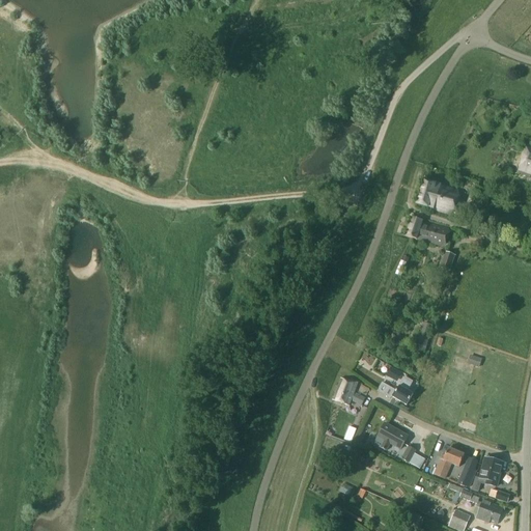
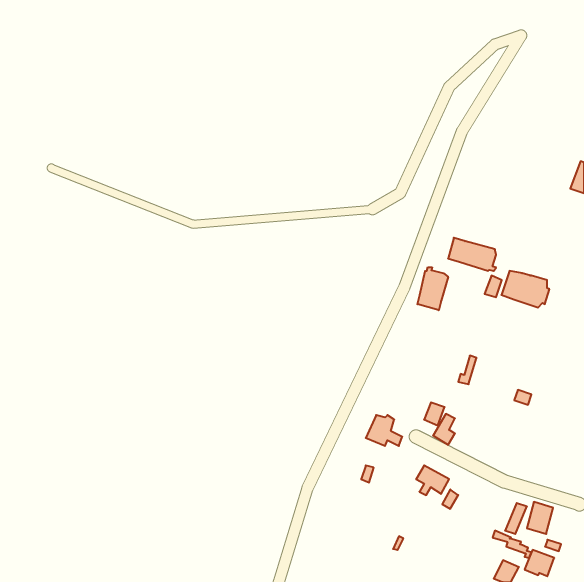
building: [417,179,460,213] -> [501,271,549,308]
building: none -> [417,267,448,310]
building: [434,447,465,478] -> none

